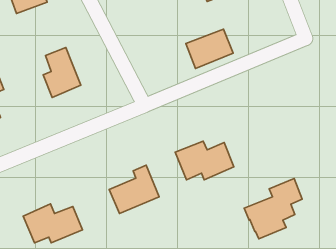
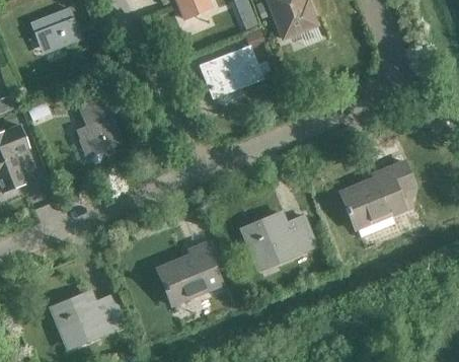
building: [186,29,233,69] -> [202,47,261,96]
building: [244,178,302,239] -> [341,160,414,236]

